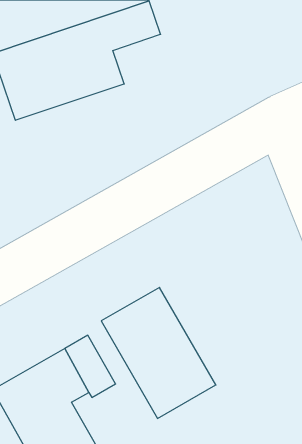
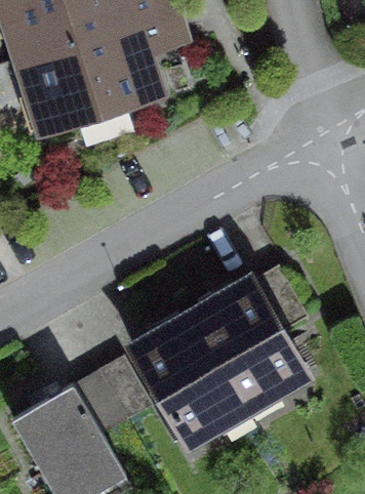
building: none -> [193,272,319,414]

